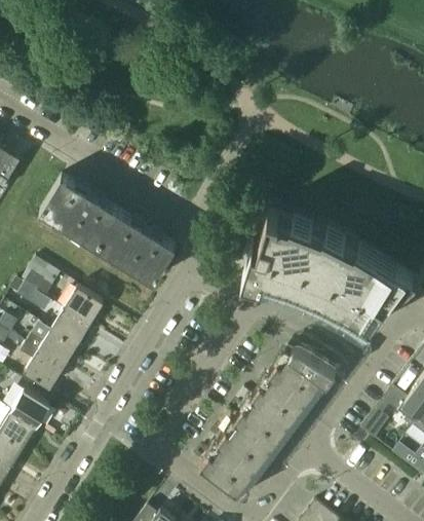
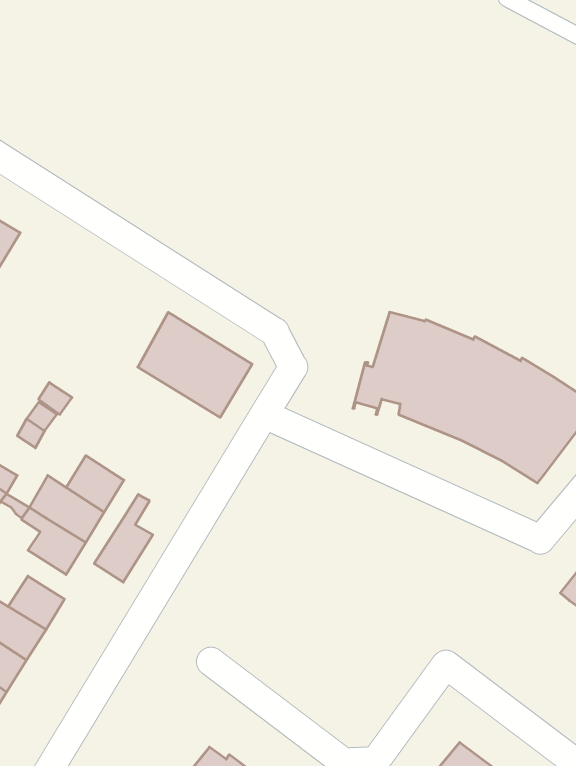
building: [40,178,120,251] -> none
building: [65,289,104,327] -> none
building: none -> [94,494,153,582]
building: [202,351,337,498] -> none

